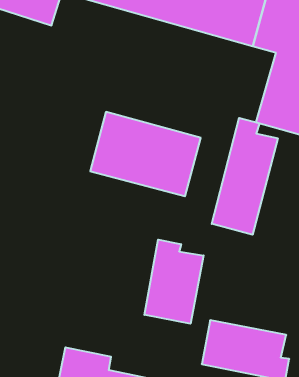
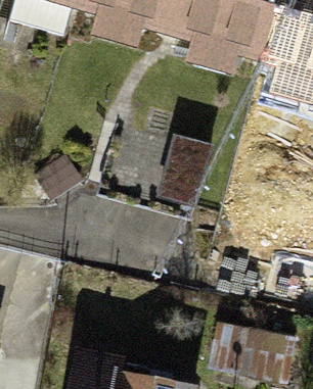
building: [212,118,278,235] -> none
building: [144,240,204,324] -> none

